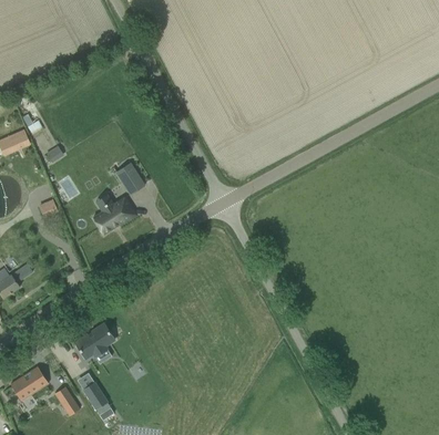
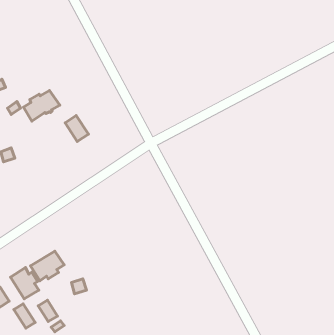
building: [93,197,136,234] -> [23,90,60,121]
building: none -> [10,268,39,299]

